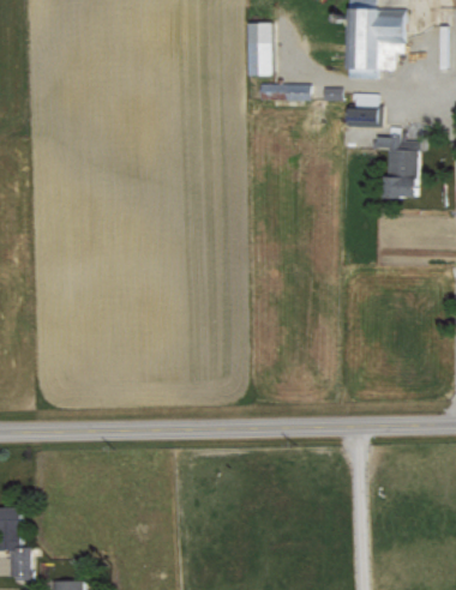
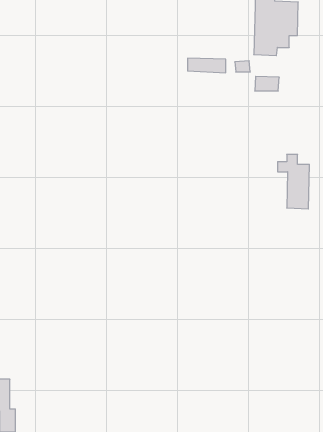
building: [246,23,271,77] -> none
building: [376,127,418,199] -> [278,154,309,209]

